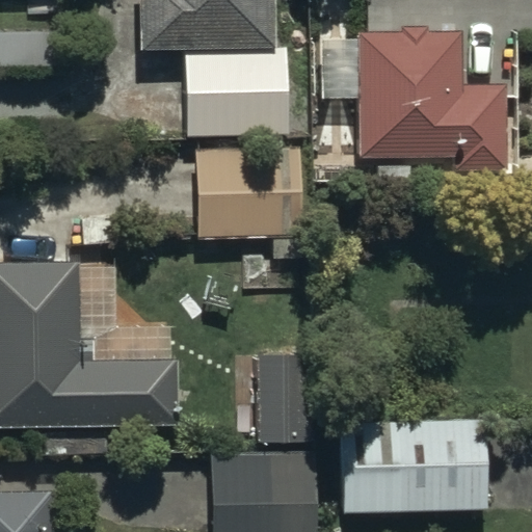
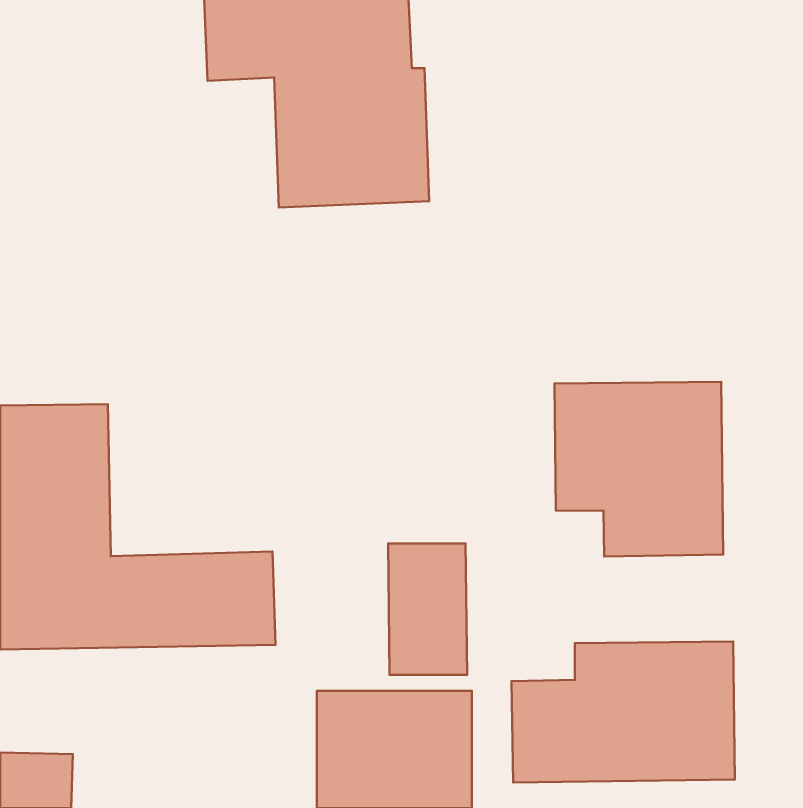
building: [357,30,506,170] -> none
building: [197,148,299,239] -> none
building: none -> [555,382,723,557]

